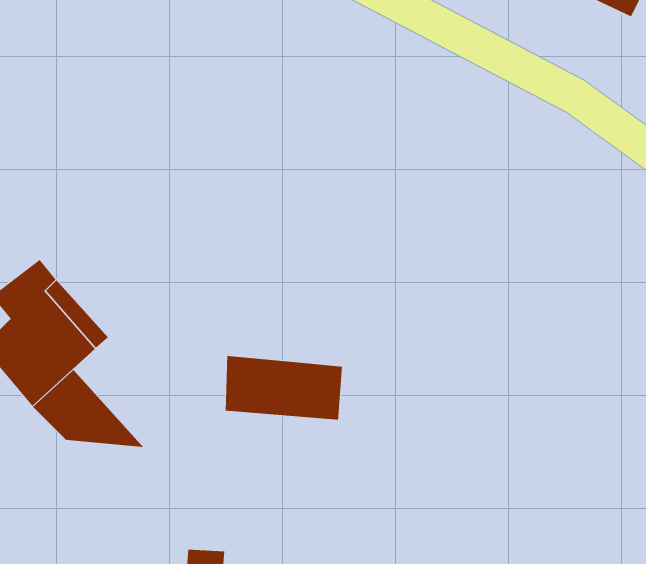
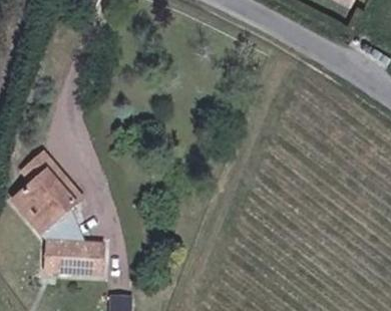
building: [225,355,343,420] -> [47,237,110,272]

